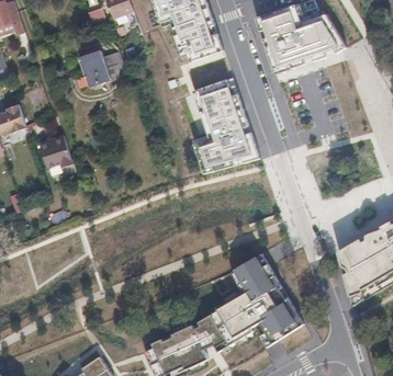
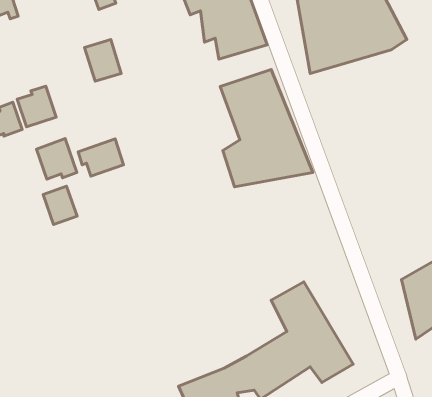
building: none -> [17,86,56,127]
building: none -> [78,139,124,176]
building: none -> [43,186,77,225]

